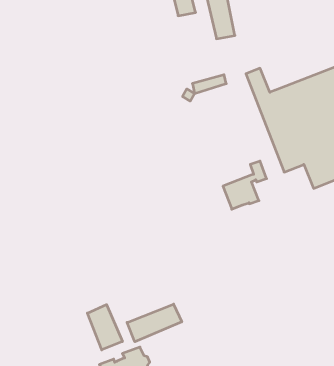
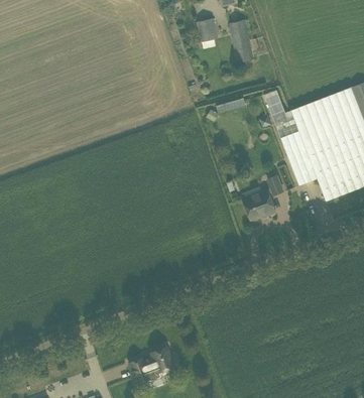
building: [127,304,182,342] -> none
building: [87,305,122,350] -> none

